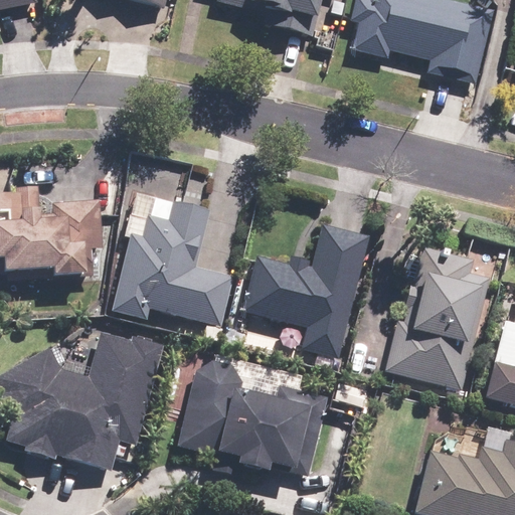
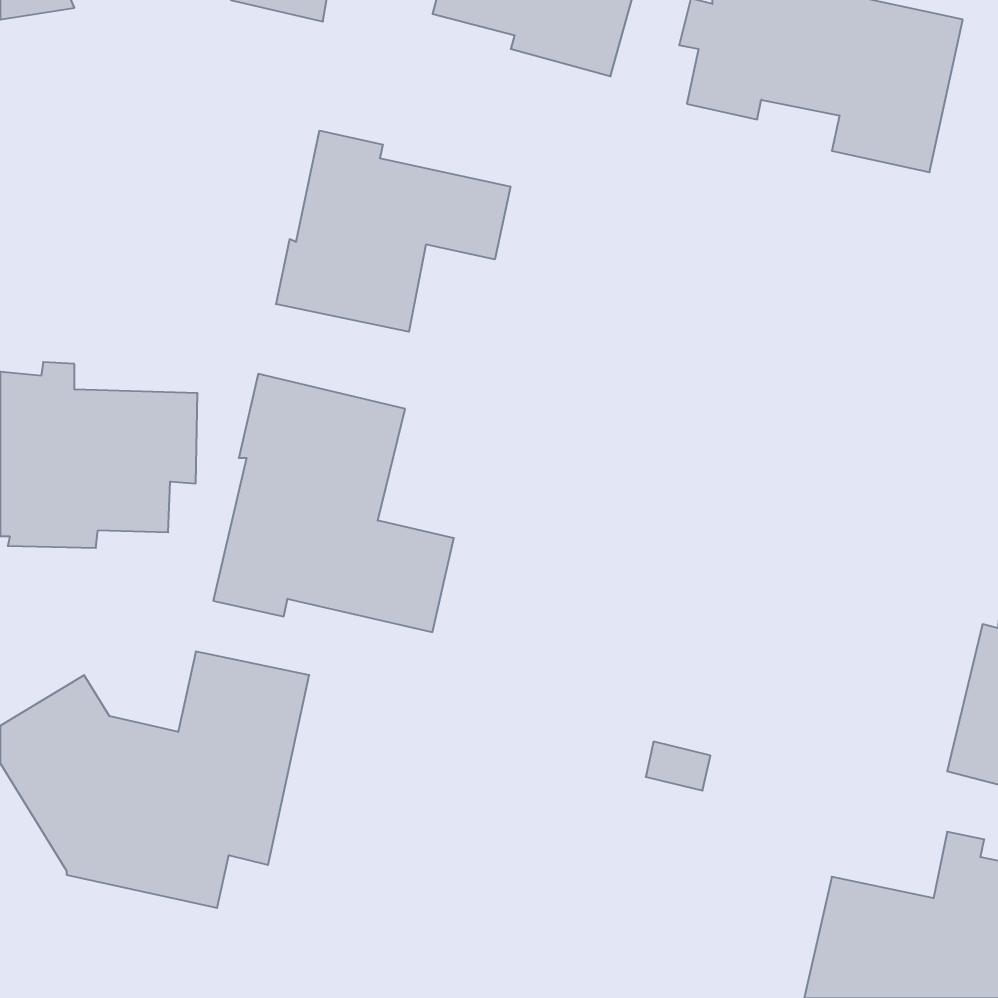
building: none -> [276,131,510,332]
building: [242,223,366,356] -> none
building: [383,262,487,391] -> none
building: [180,360,328,469] -> none

